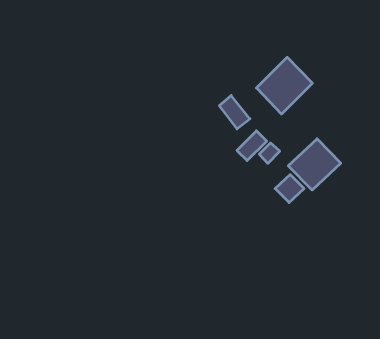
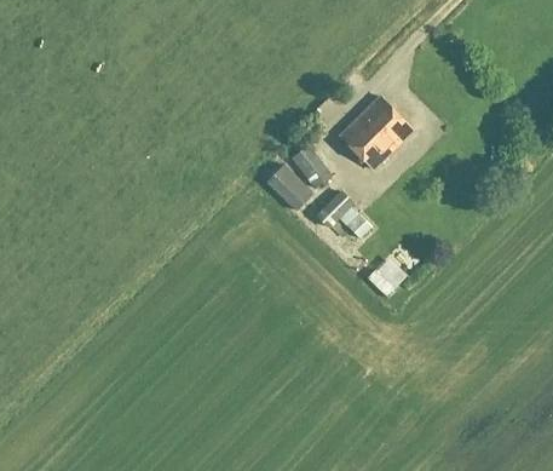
building: none -> [265,165,312,212]
building: [288,139,341,190] -> none

